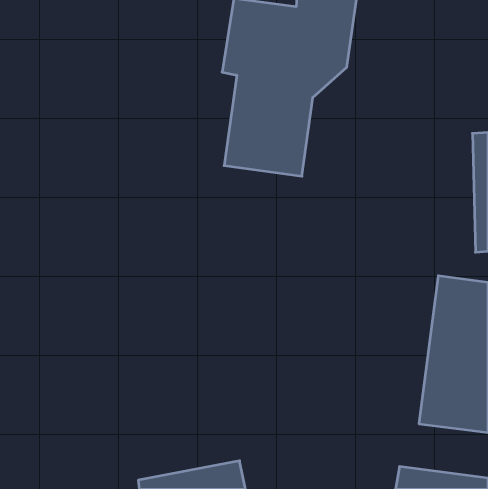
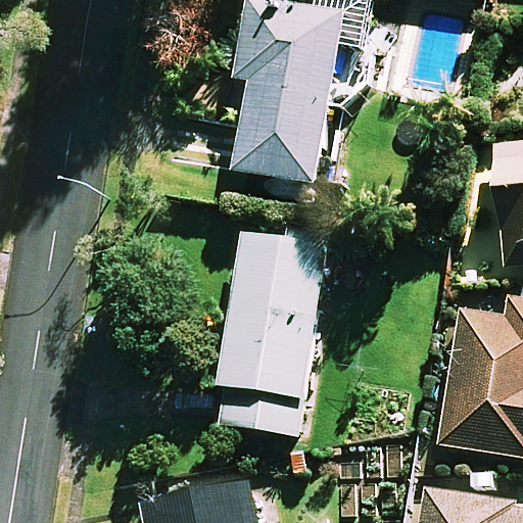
building: none -> [213,228,326,435]

